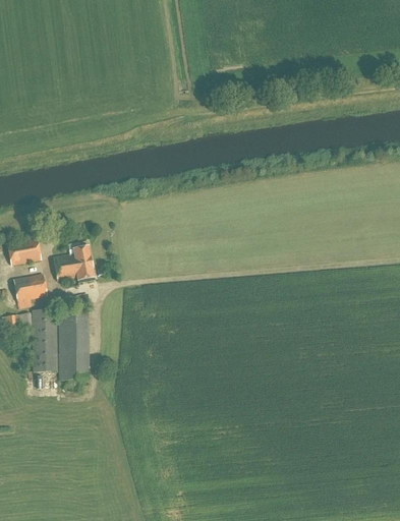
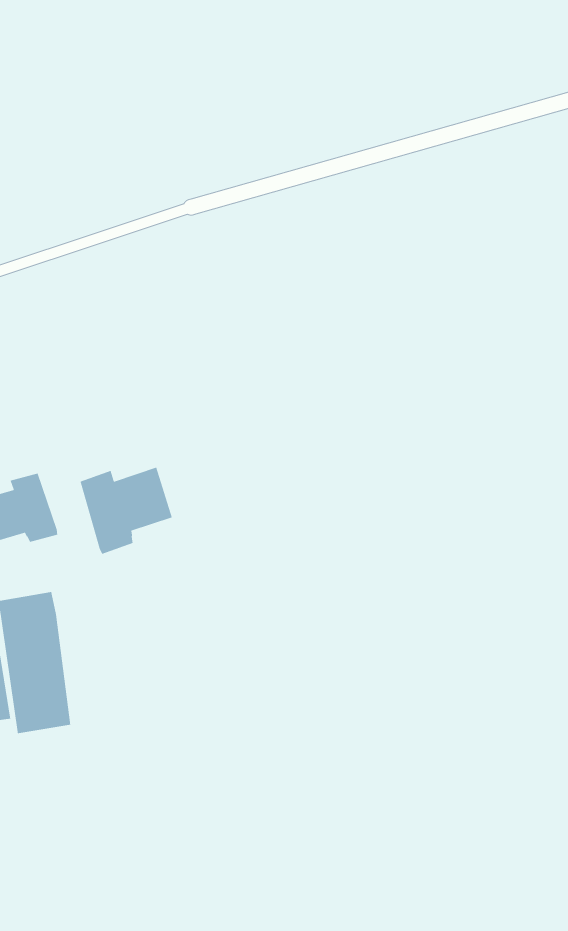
building: none -> [80,467,173,555]

